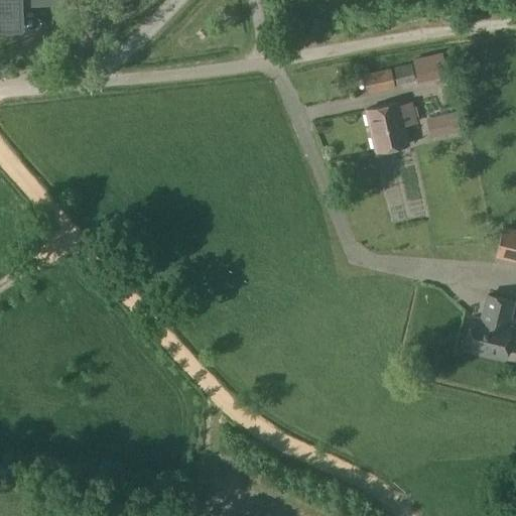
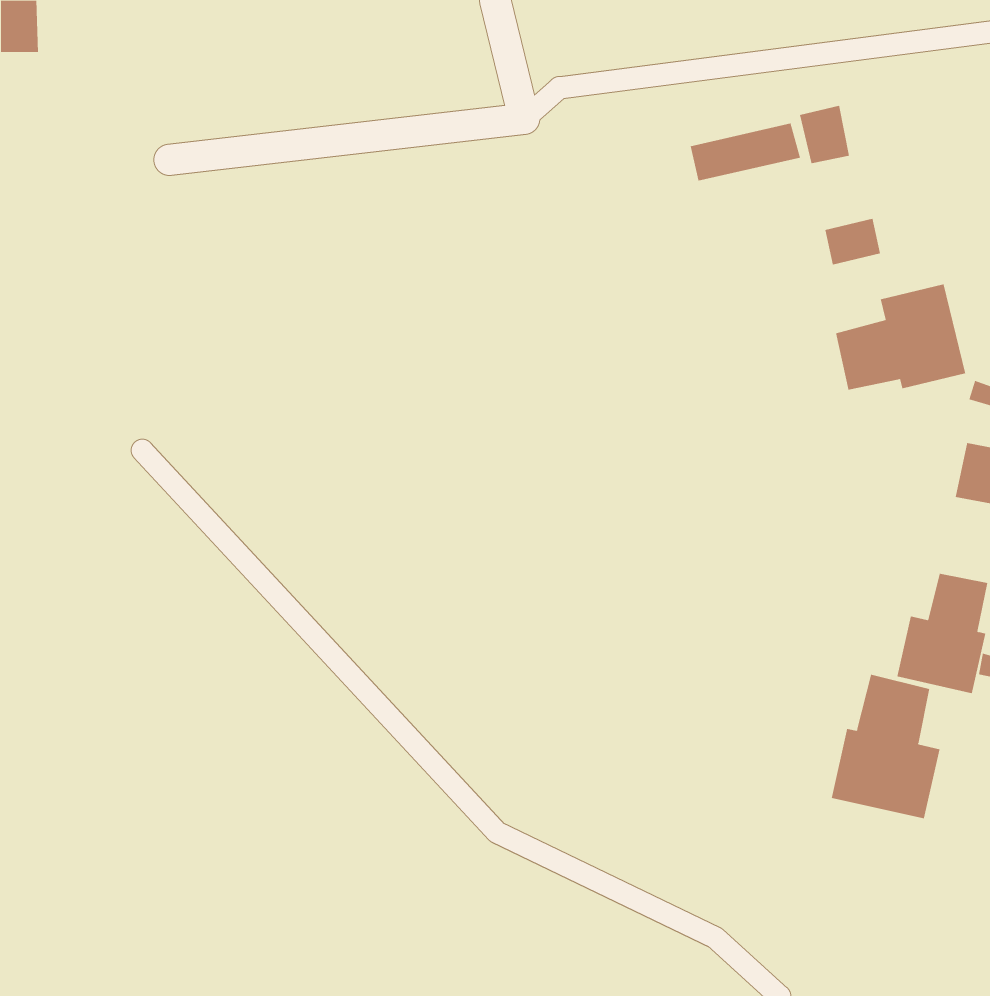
building: [368,102,417,151] -> none
building: none -> [836,284,966,391]
building: none -> [831,674,940,819]

